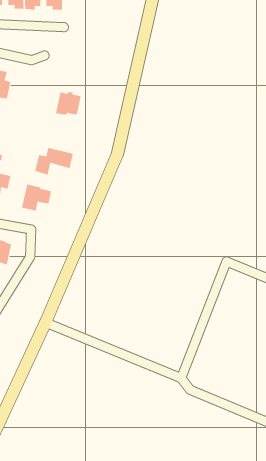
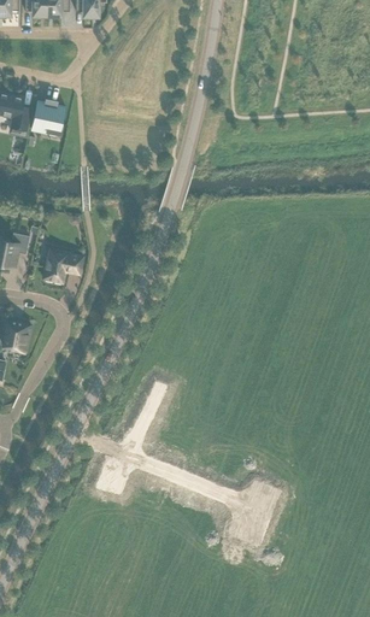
building: [55,92,81,115] -> [30,100,65,131]
building: [34,147,73,175] -> none

